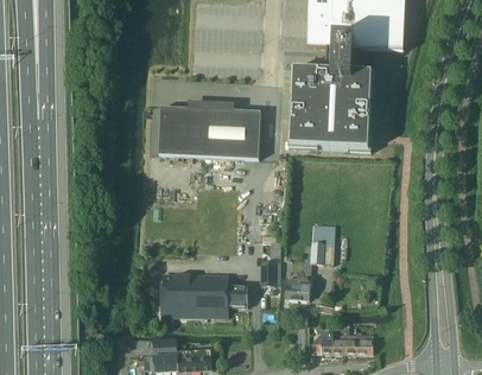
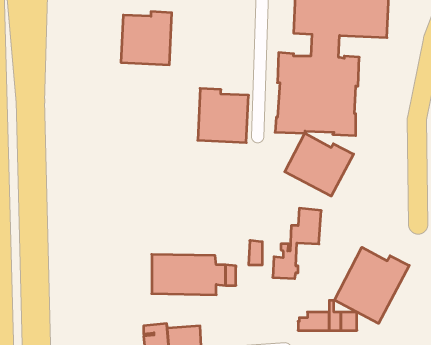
building: [159,101,211,155] -> [121,12,172,65]
building: none -> [285,133,354,196]
building: none -> [334,247,409,323]

